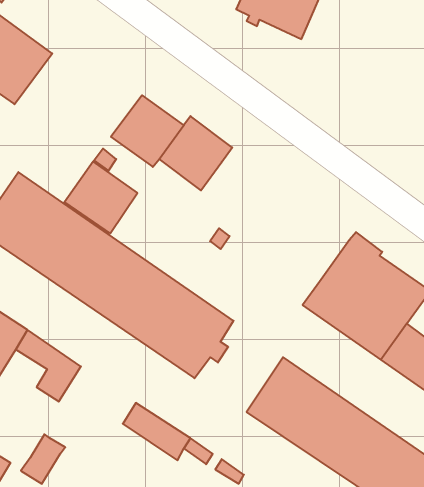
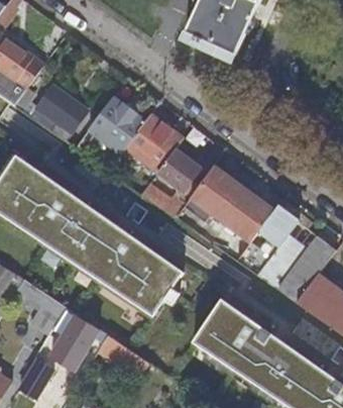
building: [64,162,137,233] -> [30,85,87,140]
building: none -> [158,148,201,190]
building: none -> [183,165,273,241]
building: none -> [51,315,99,370]

